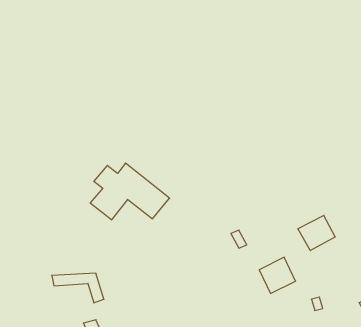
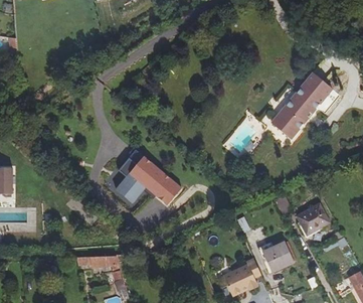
building: none -> [271,71,333,138]
building: none -> [223,258,259,295]

